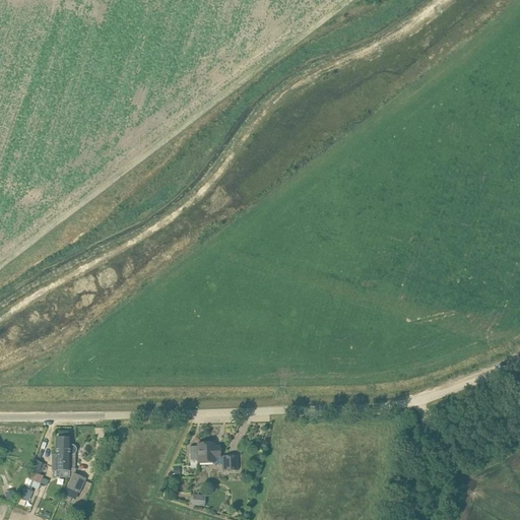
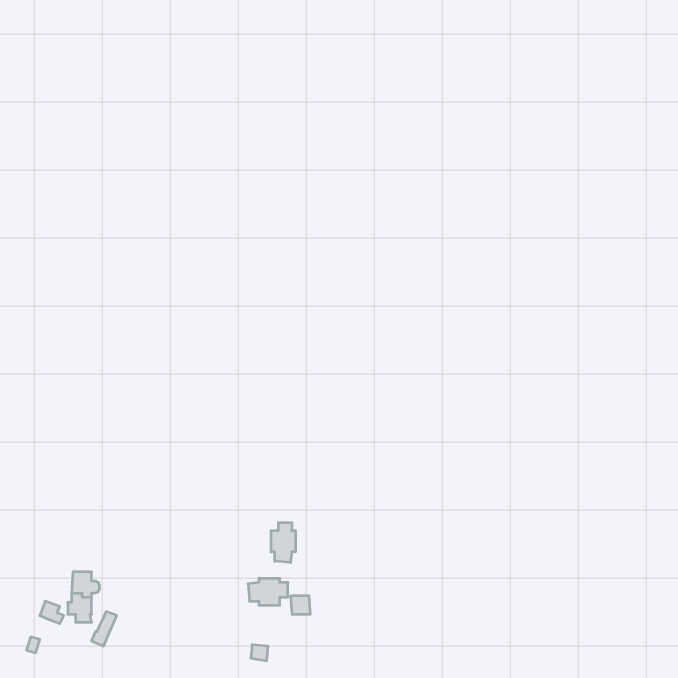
building: none -> [271,523,295,563]

